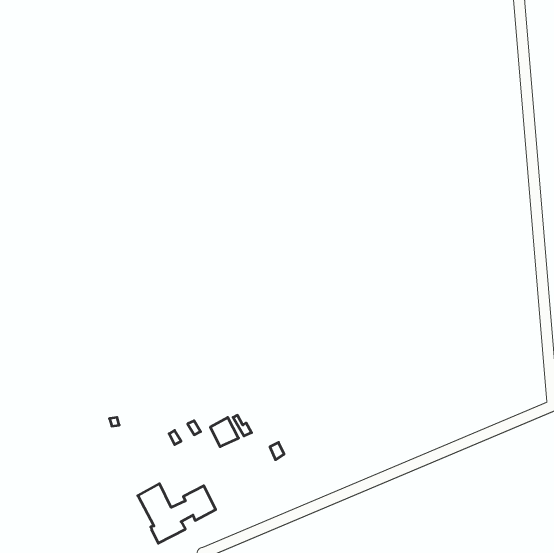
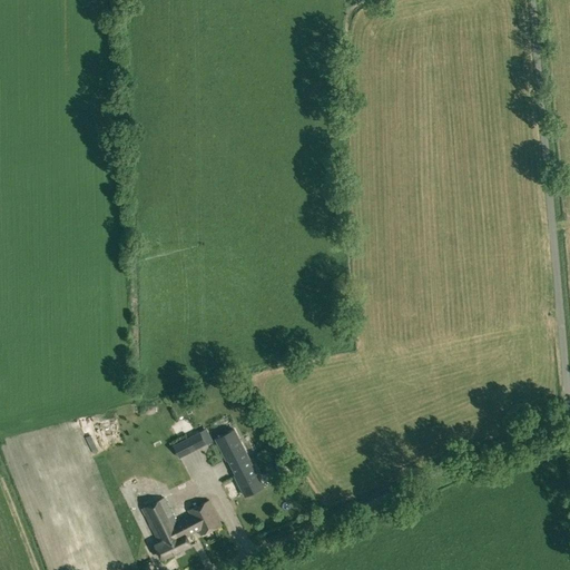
building: none -> [234,465,264,495]

